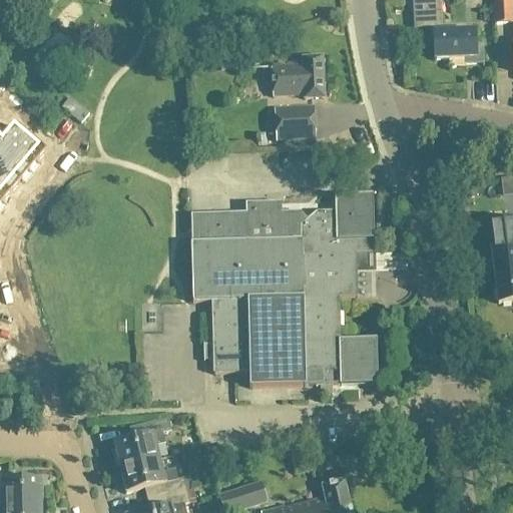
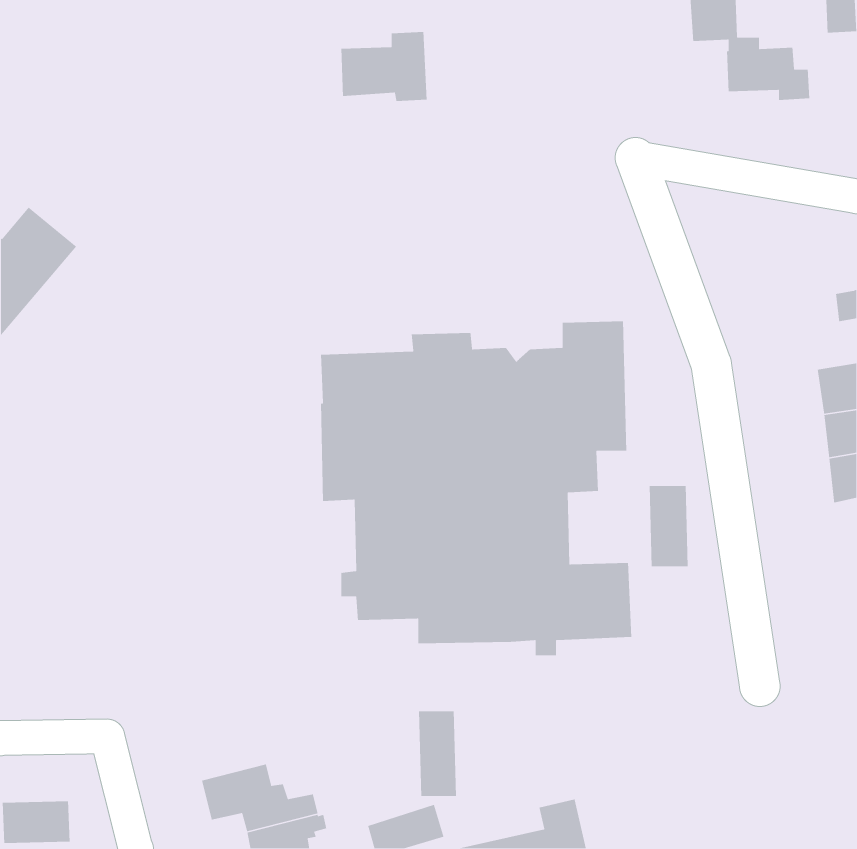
building: [272,54,324,96] -> [340,31,428,102]
building: [274,103,315,137] -> none
building: none -> [649,485,689,567]
building: [114,414,171,466] -> none
building: none -> [418,711,457,797]

